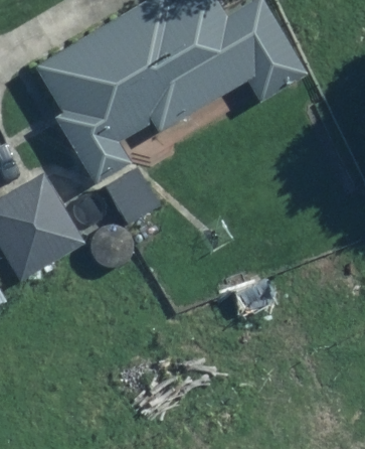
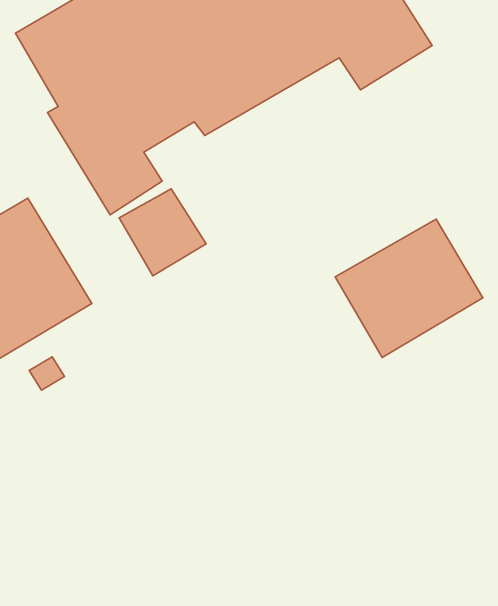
building: none -> [335,219,483,357]

